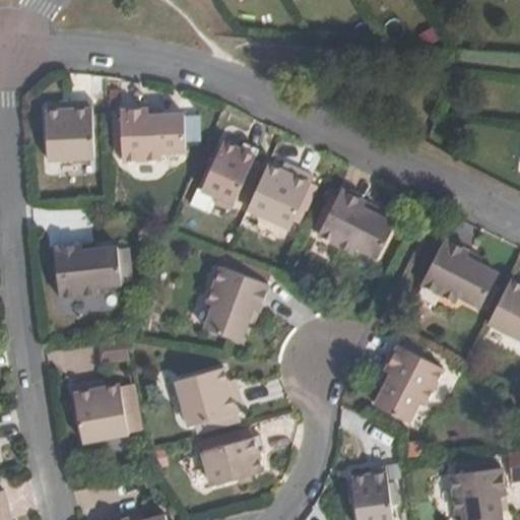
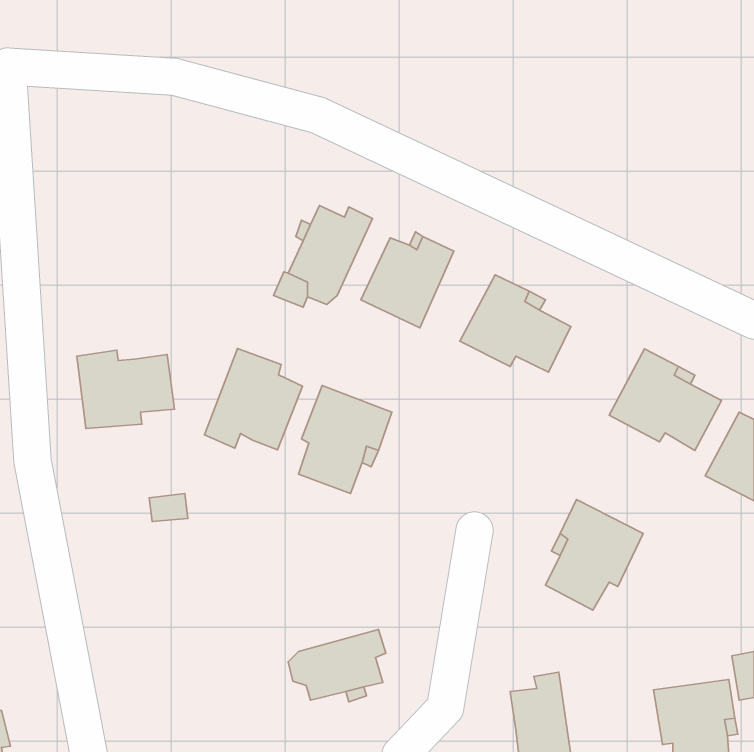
building: [44,100,92,158] -> none
building: [119,109,183,161] -> none
building: none -> [204,348,303,450]
building: [179,368,246,426] -> none
building: [73,382,127,442] -> none

